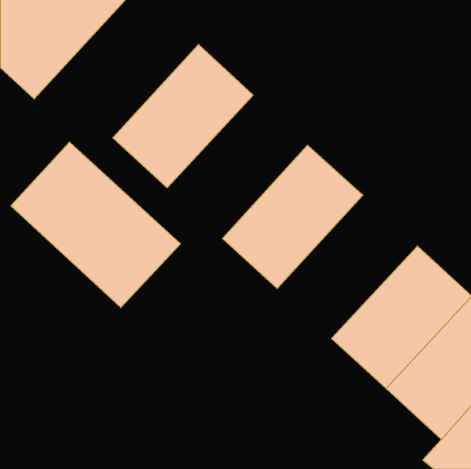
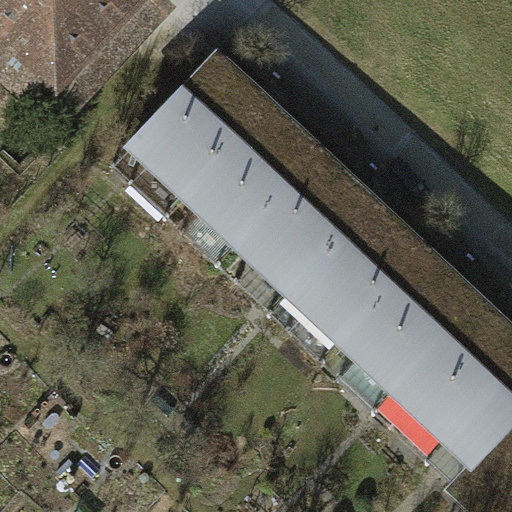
building: none -> [182,103,334,258]
building: [11,142,180,308] -> none
building: none -> [301,211,453,366]

